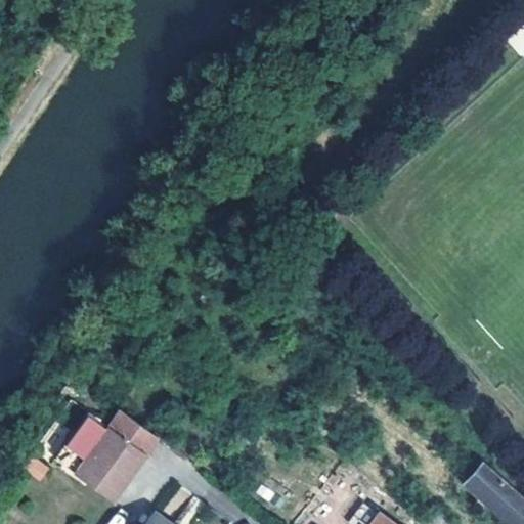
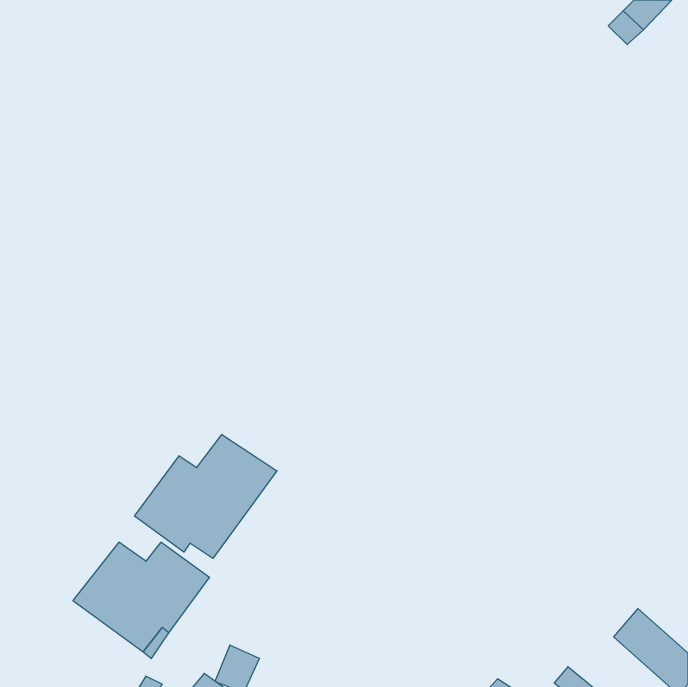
building: none -> [135,435,277,558]

